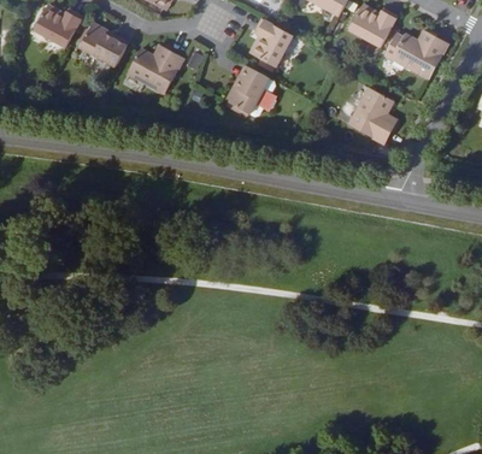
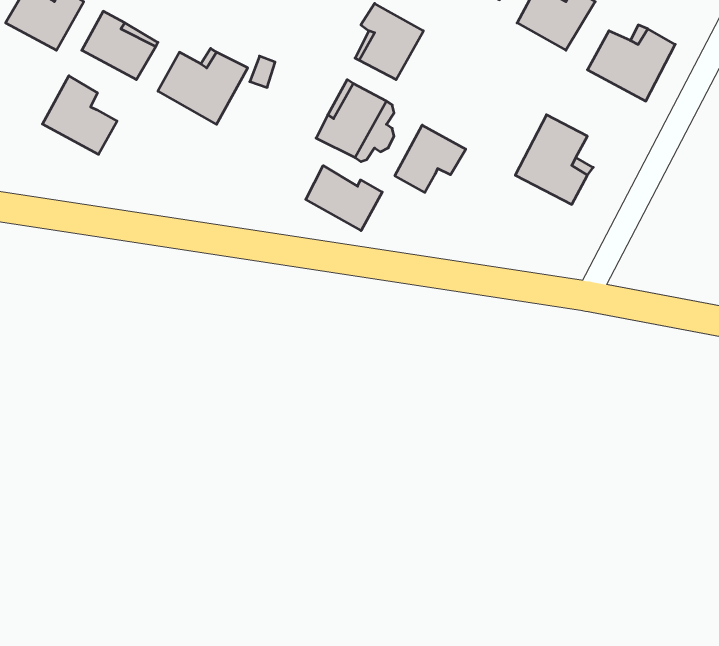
building: none -> [42,76,117,154]
building: none -> [395,125,466,192]
building: none -> [306,166,382,231]

